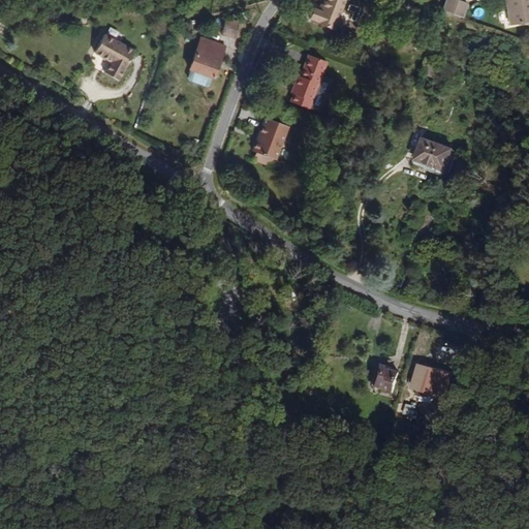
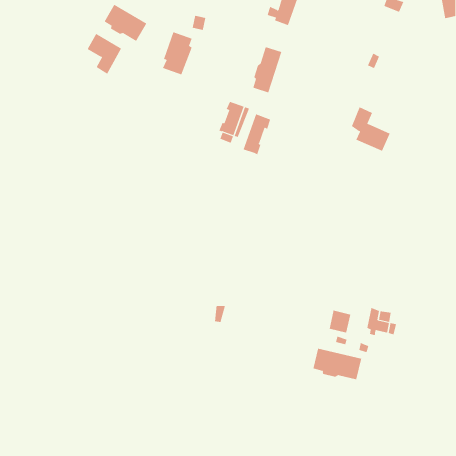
building: none -> [104,4,147,42]
building: none -> [243,114,271,155]
building: none -> [313,348,362,380]

